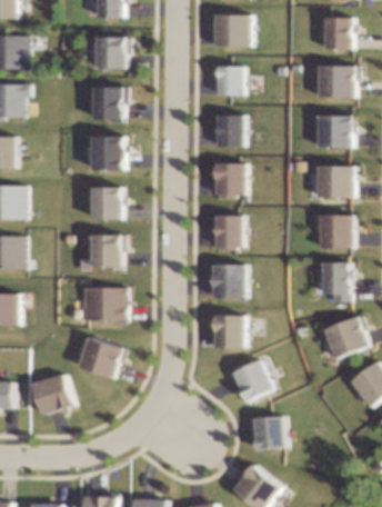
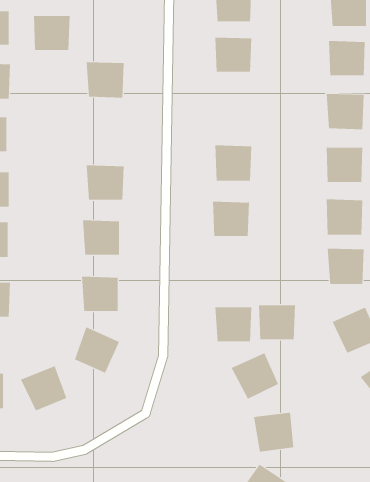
building: [93,36,129,69] -> [33,15,70,51]
building: [212,111,249,146] -> none
building: [91,135,127,168] -> none
building: [210,267,245,300] -> [258,305,296,340]

